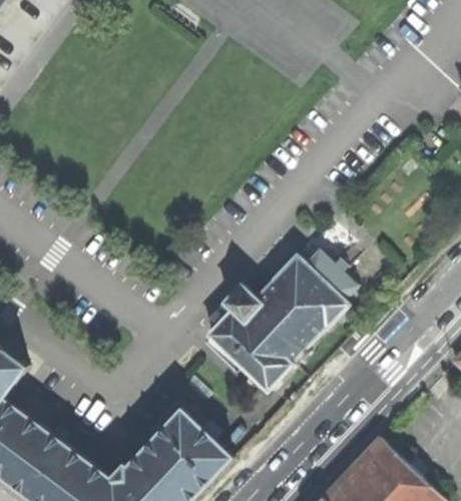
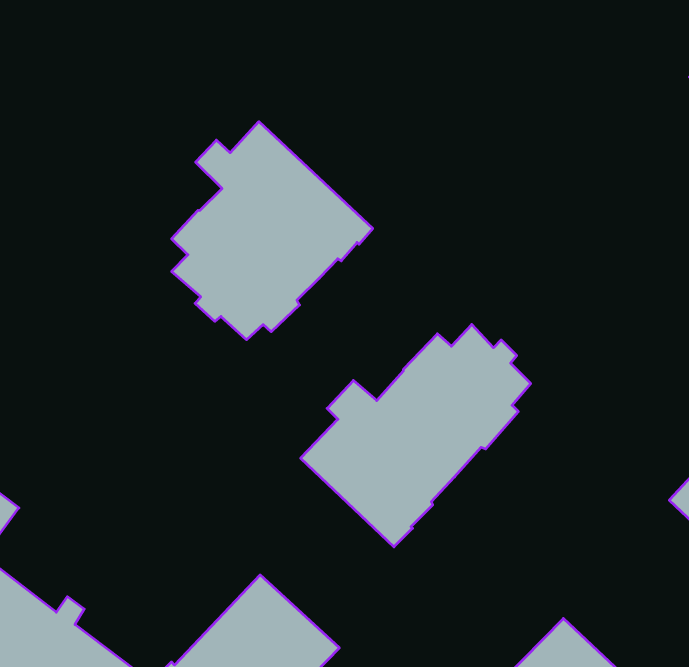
building: none -> [172,122,373,340]

